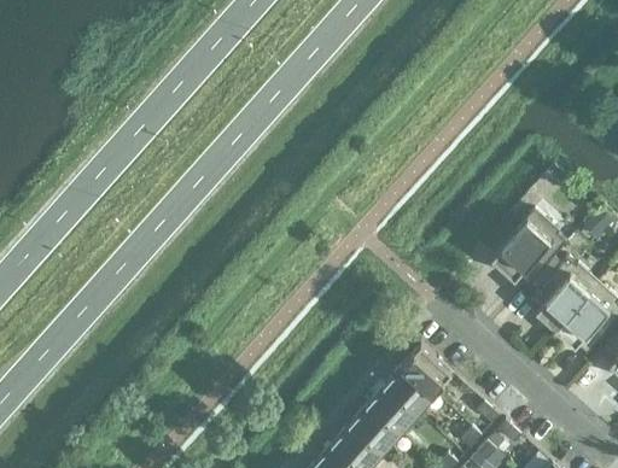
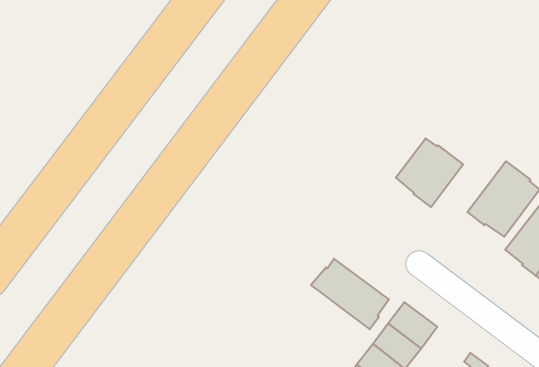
building: none -> [396,138,463,207]
building: none -> [311,259,389,329]

